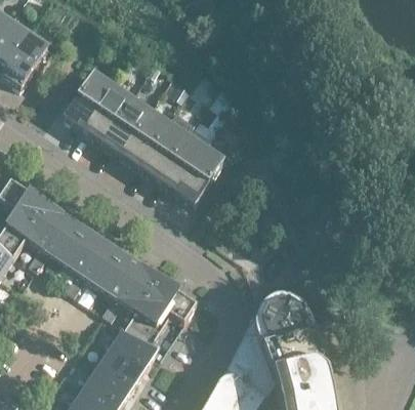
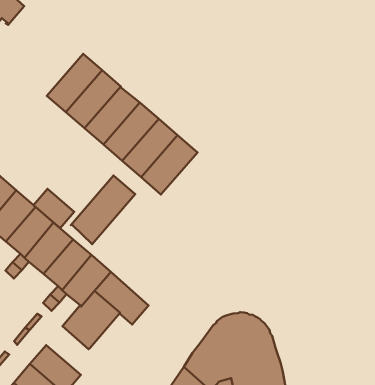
building: [65,67,111,126] -> none
building: none -> [71,175,135,244]
building: none -> [33,189,74,228]
building: [110,328,156,369] -> none

